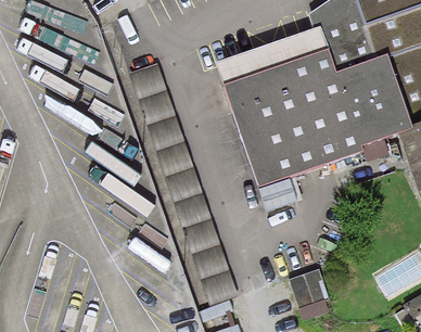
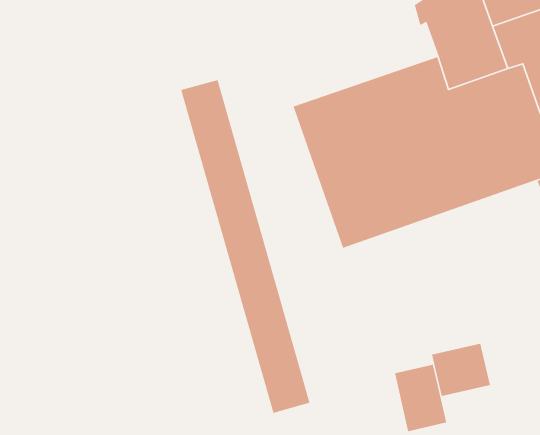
building: [215,26,327,86] -> none
building: none -> [431,343,491,397]

